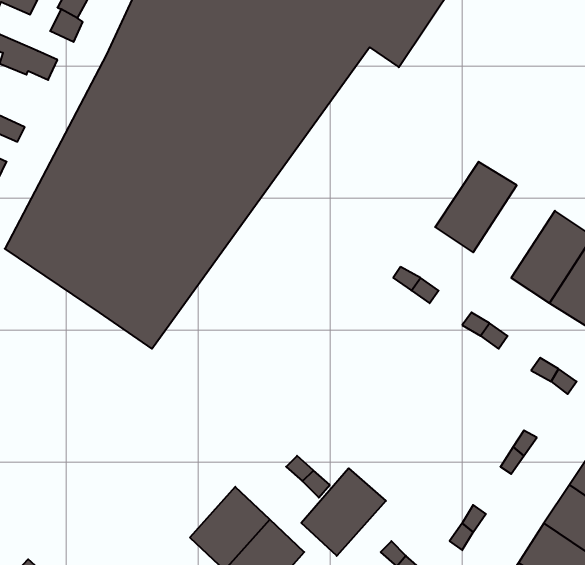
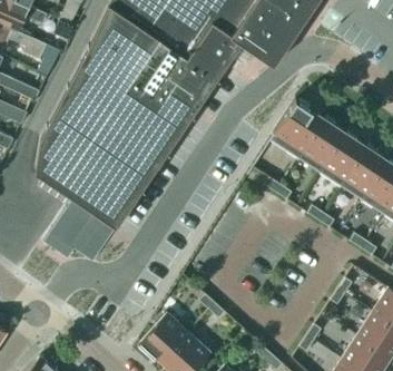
building: none -> [267,96,317,153]
building: none -> [314,127,364,184]
building: none -> [62,205,117,261]
building: [301,468,386,556] -> none

